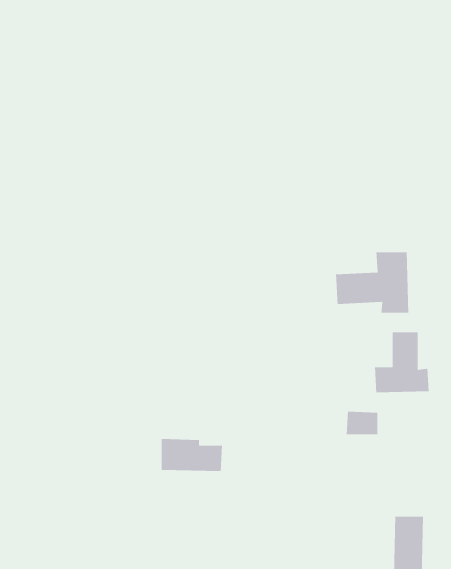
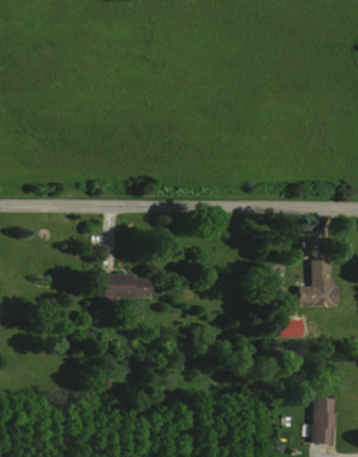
building: [335,252,409,314] -> none
building: [161,438,223,472] -> [103,272,149,297]

